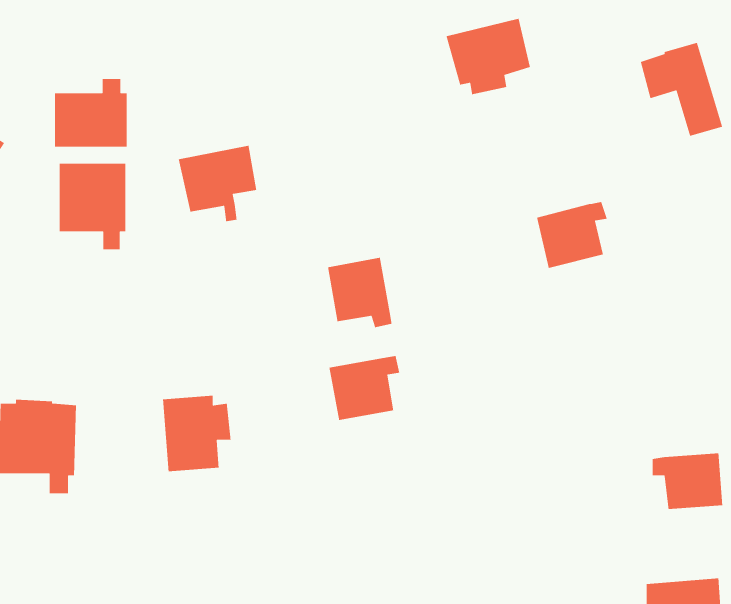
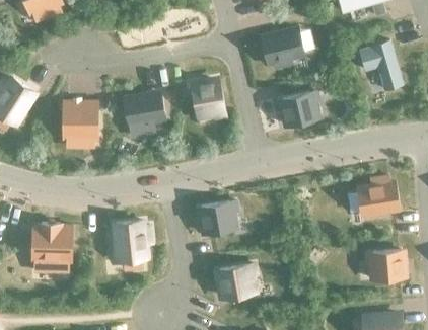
building: [54,78,128,148] -> none
building: [536,201,608,269] -> [282,92,318,127]
building: [327,257,393,328] -> [192,82,225,118]
building: none -> [357,177,399,216]
building: none -> [219,265,256,298]

